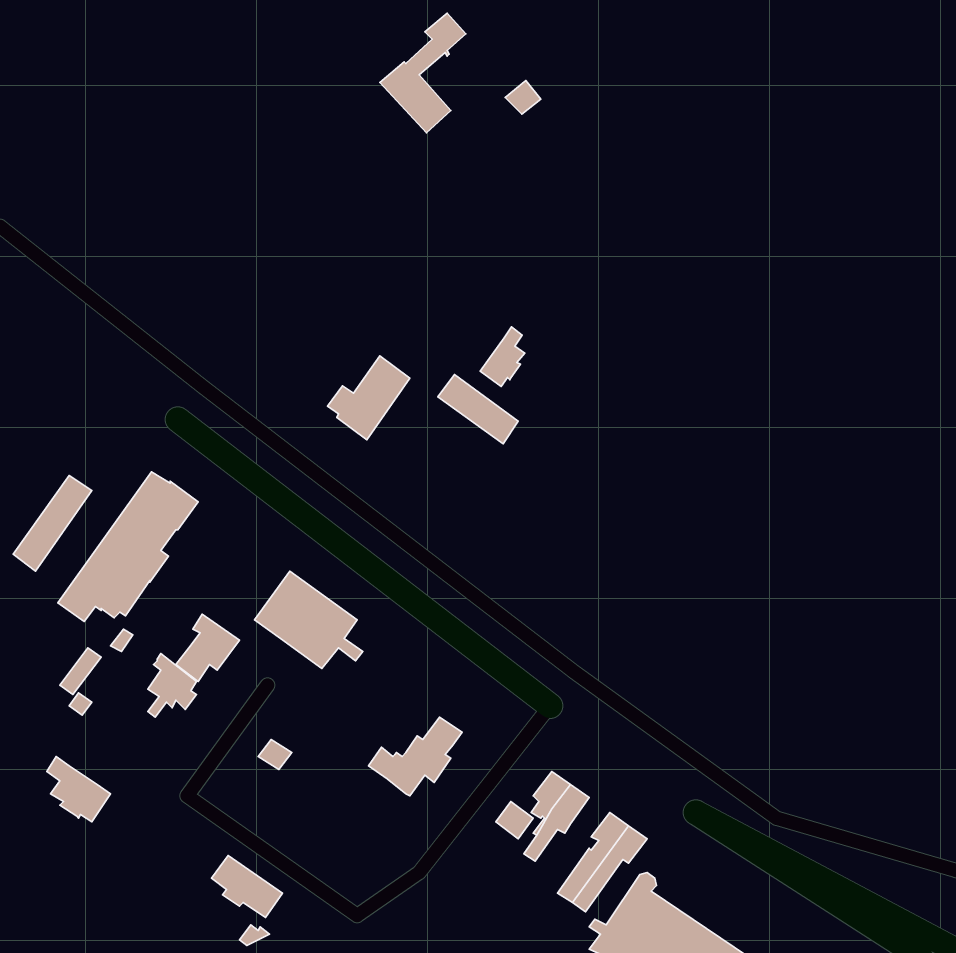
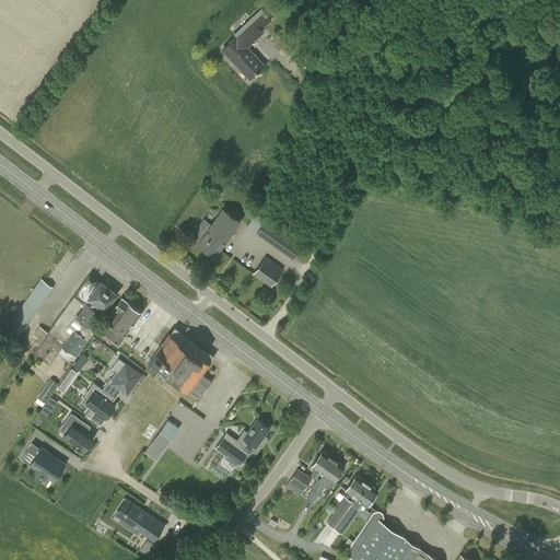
building: [480,327,525,386] -> none
building: none -> [249,258,279,288]
building: none -> [102,300,141,349]
building: none -> [65,415,93,451]

